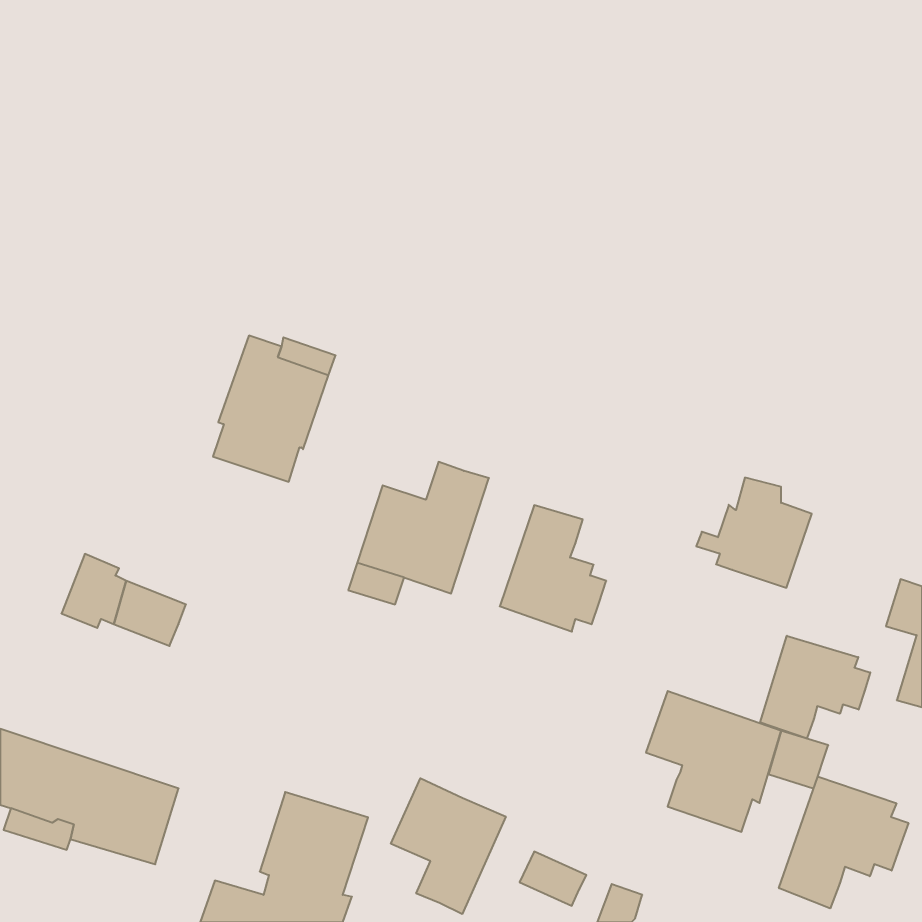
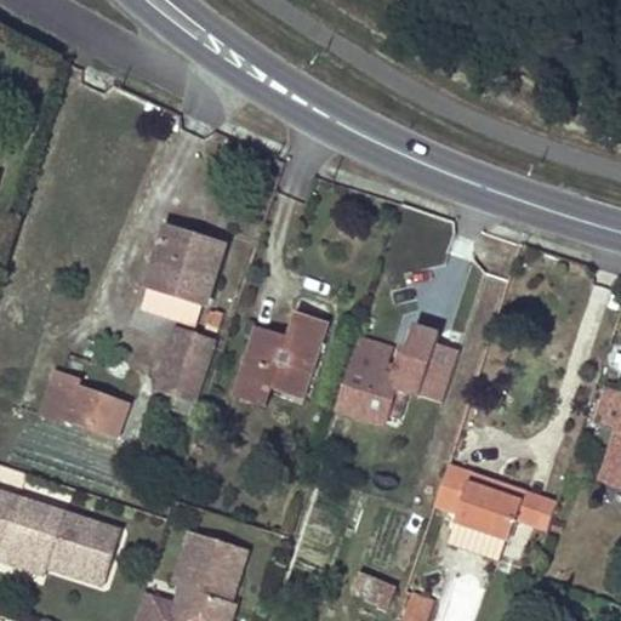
building: [696,478,812,588] -> [383,329,461,403]
building: none -> [158,330,213,399]
building: [760,636,870,739] -> none
building: [779,777,908,908] -> none
building: [391,778,506,914] -> none

